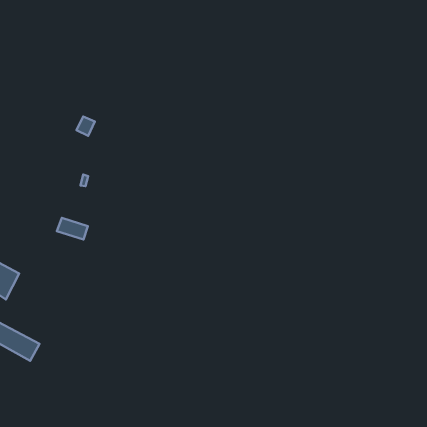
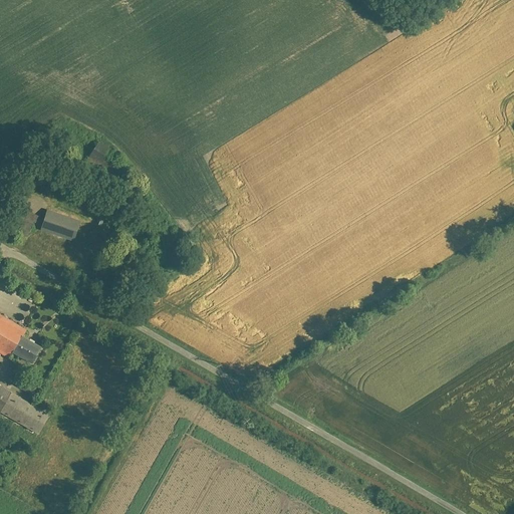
building: [57,218,88,240] -> [40,212,77,238]
building: none -> [11,335,40,362]

